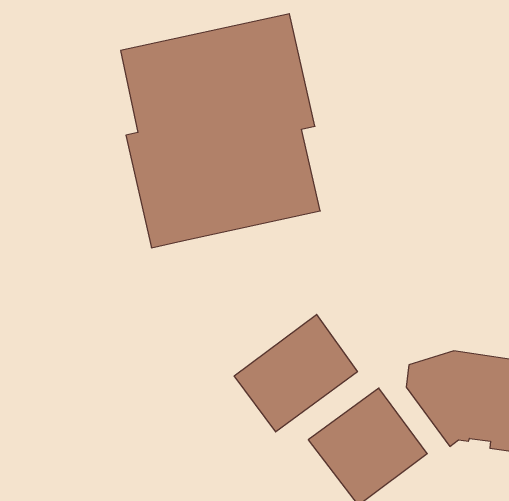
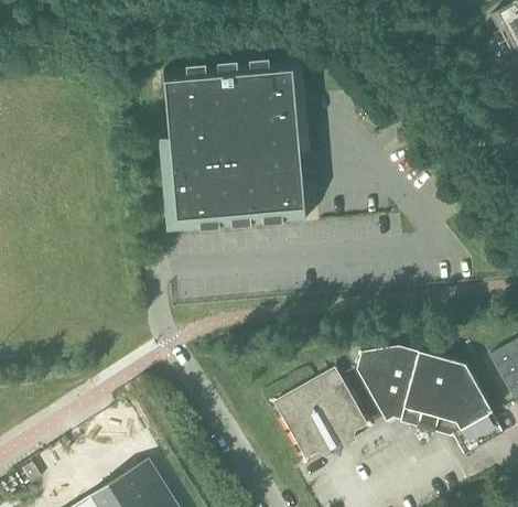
building: [234,314,357,432] -> none

